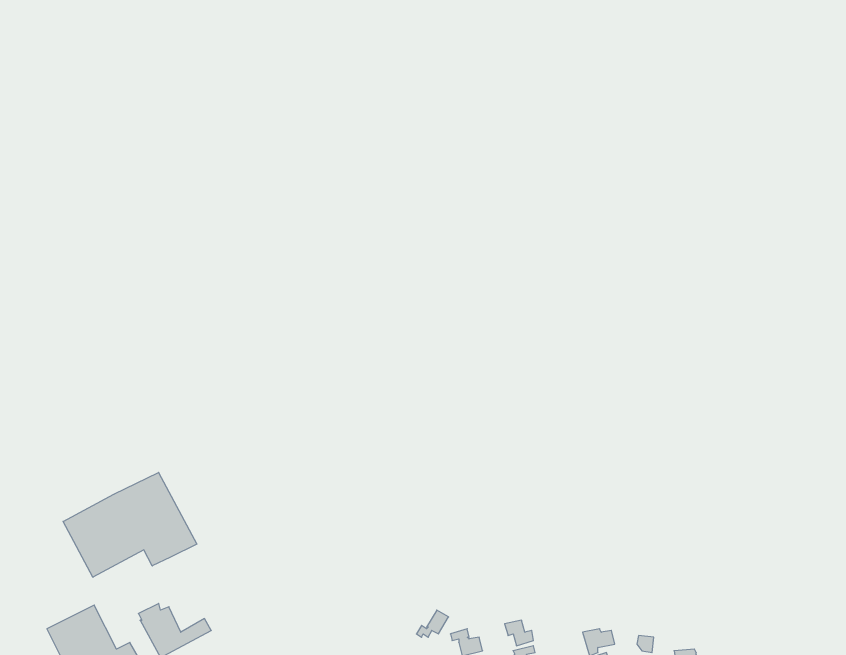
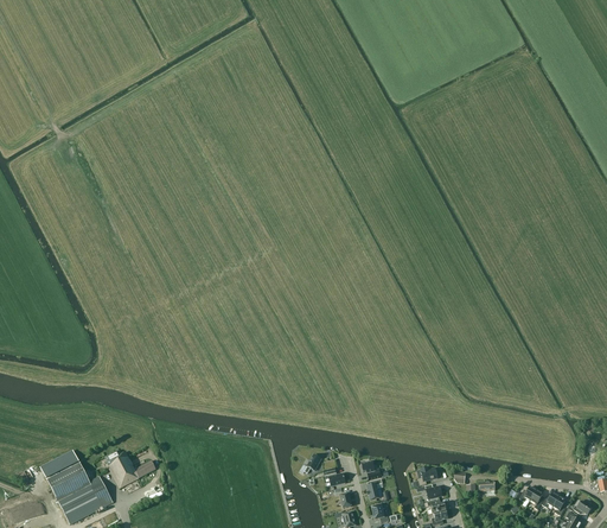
building: [63,472,197,577] -> none

